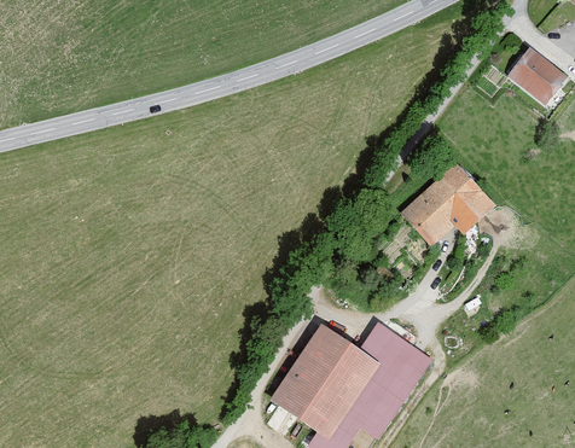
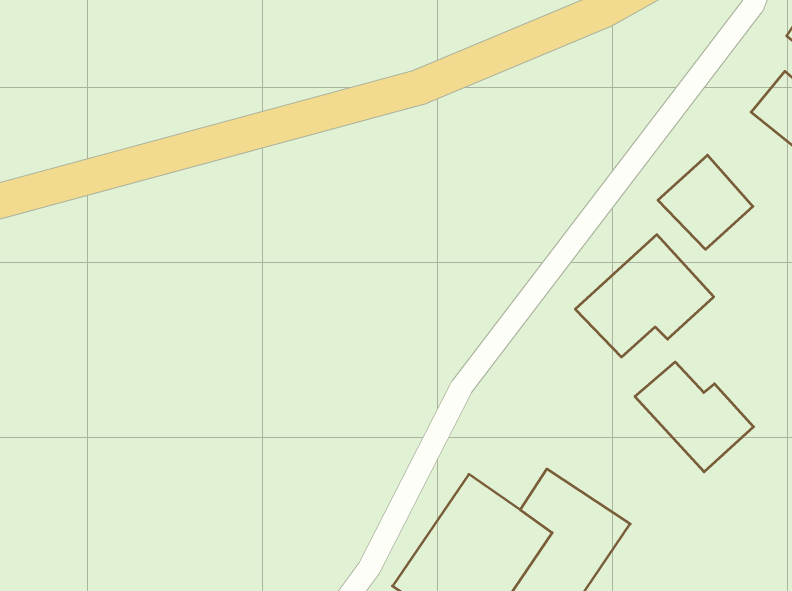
building: none -> [658,155,753,249]
building: none -> [635,362,754,472]

